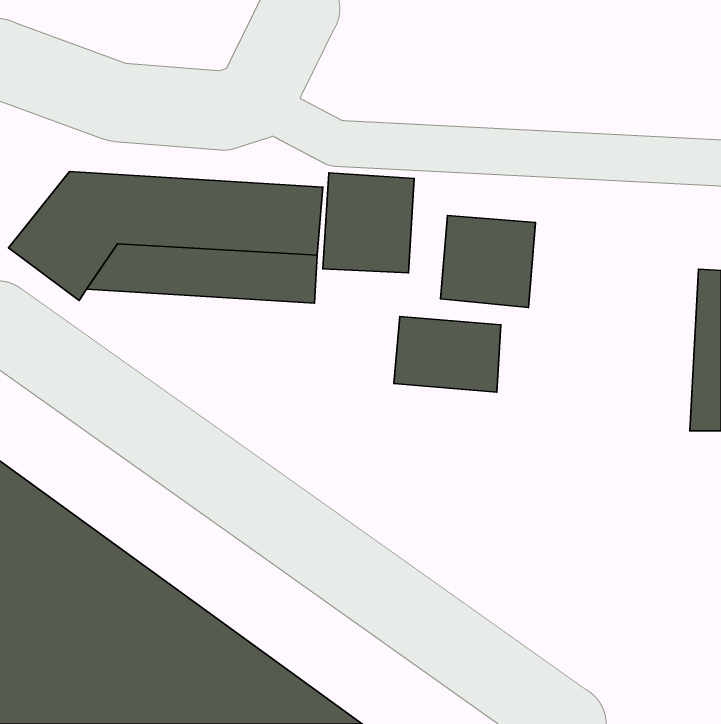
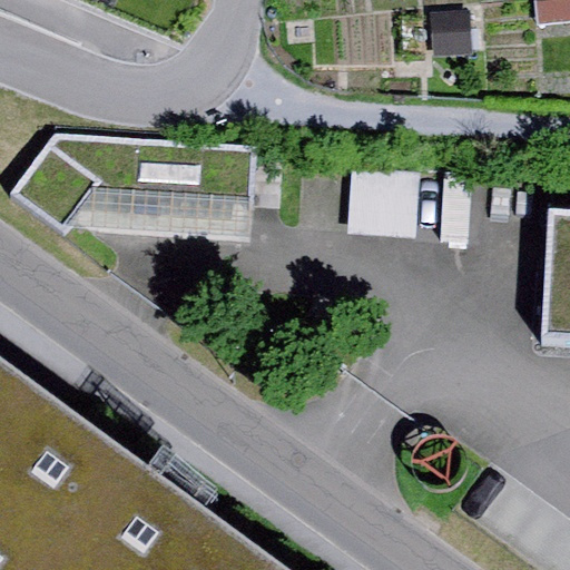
building: [323,173,414,273] -> none
building: [394,317,501,392] -> none

